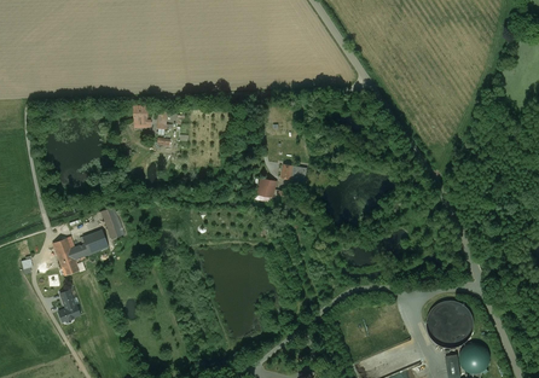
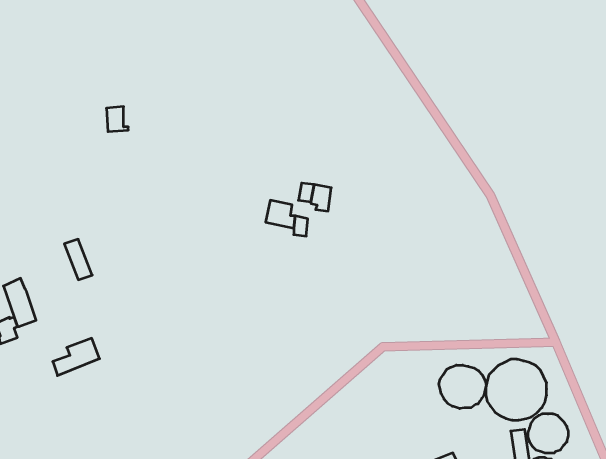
building: [71,231,108,260] -> [53,338,100,376]
building: none -> [439,365,486,409]

